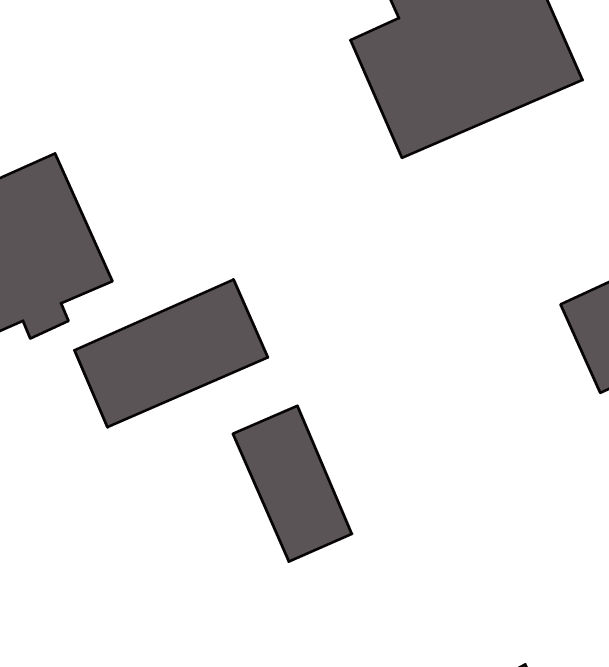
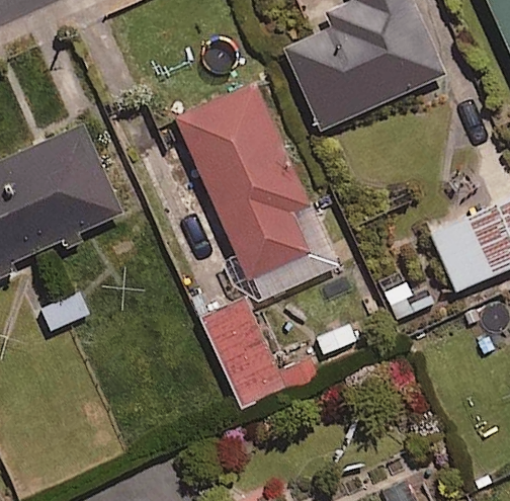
building: none -> [178,84,310,280]
building: [74,279,268,427] -> none

